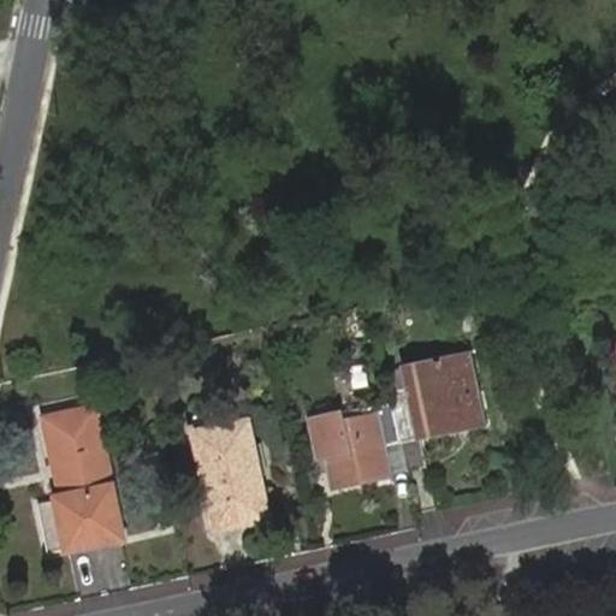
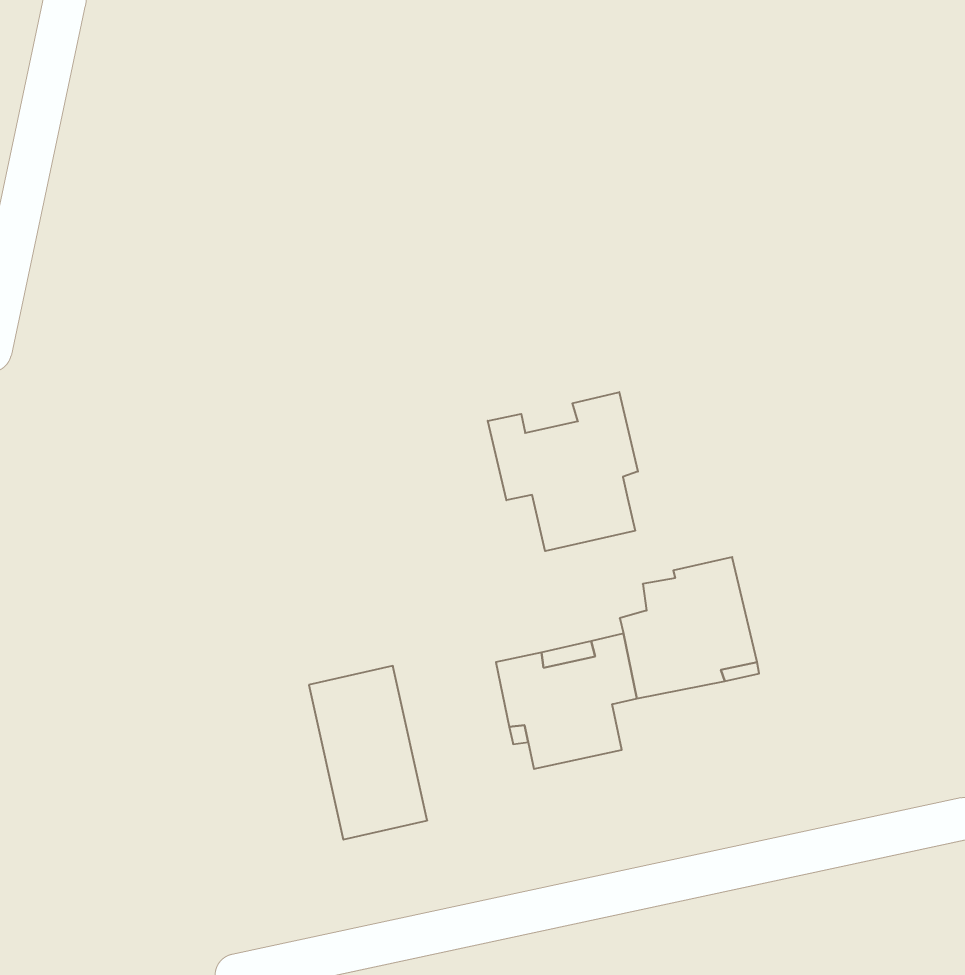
building: none -> [488,392,638,551]
building: [40,410,123,555] -> none

